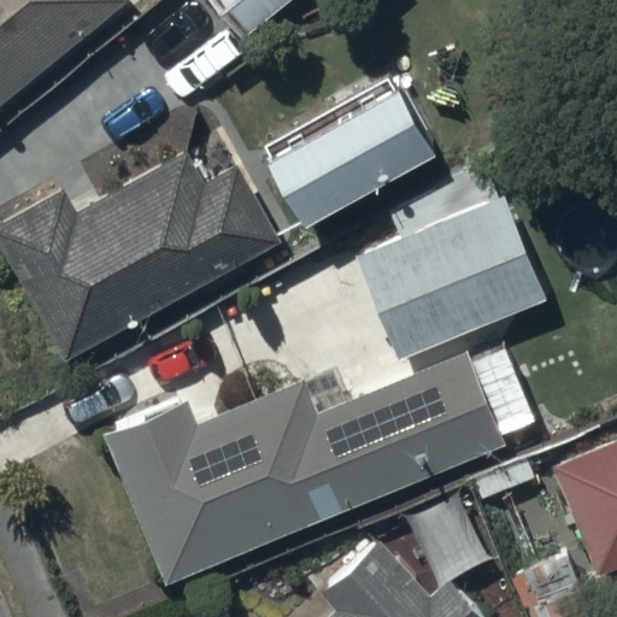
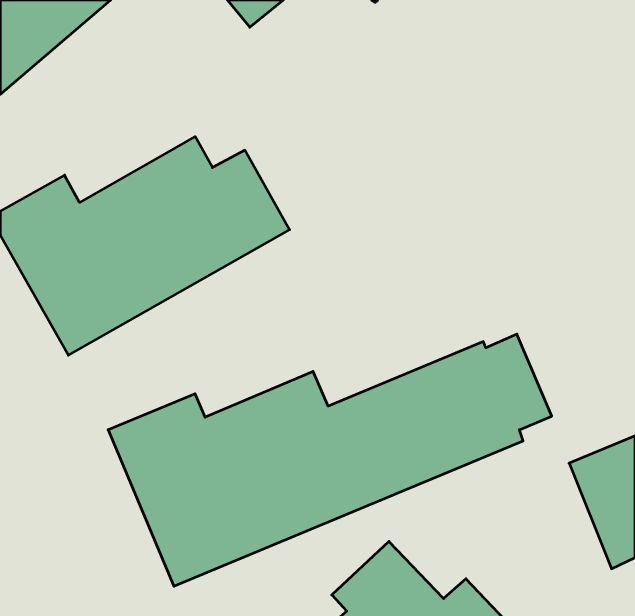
building: [265,72,439,218] -> none
building: [355,169,550,362] -> none

